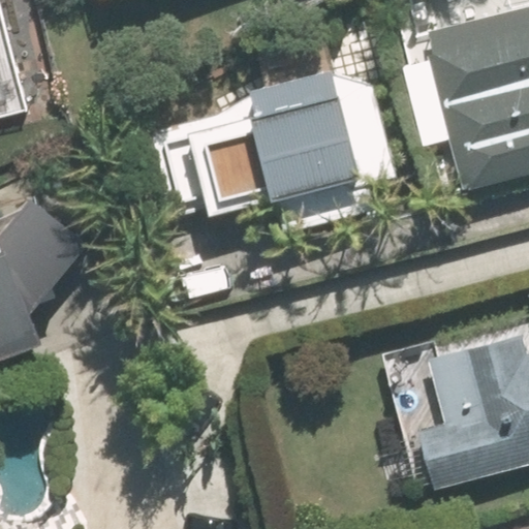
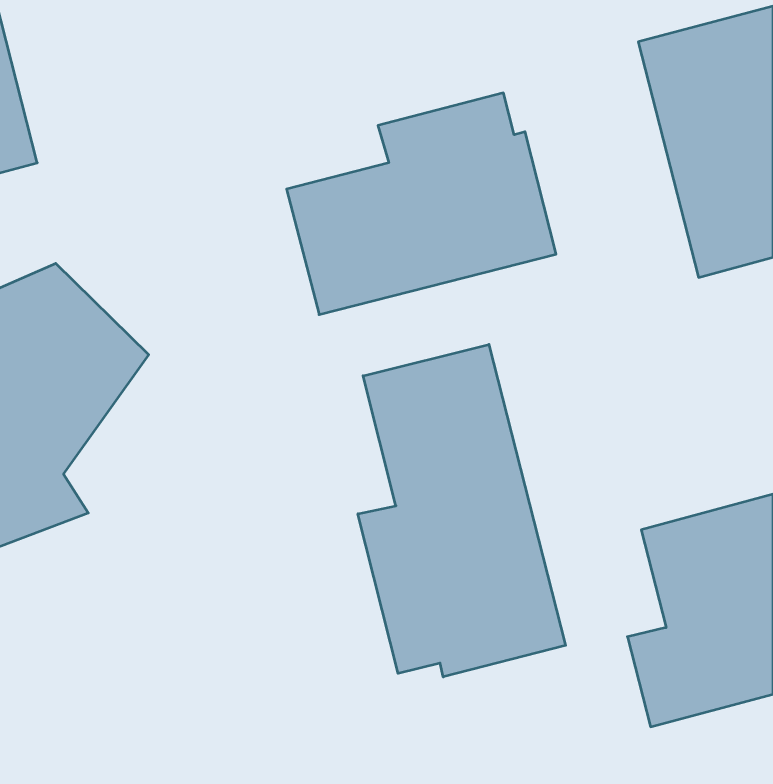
building: none -> [358,344,566,677]

